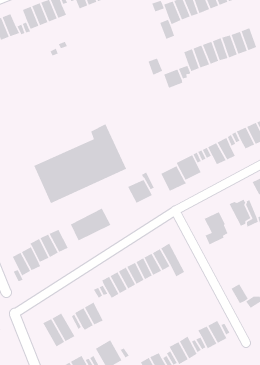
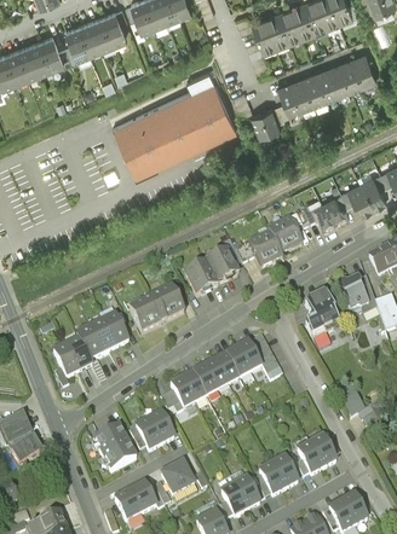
building: [33,123,127,204] -> [113,69,236,175]
building: none -> [184,262,217,295]

